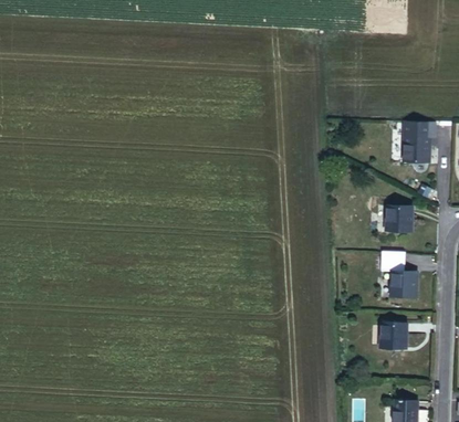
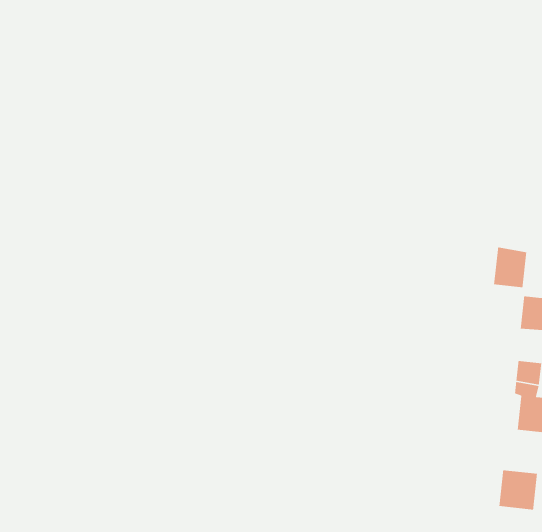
building: none -> [493,247,527,288]

